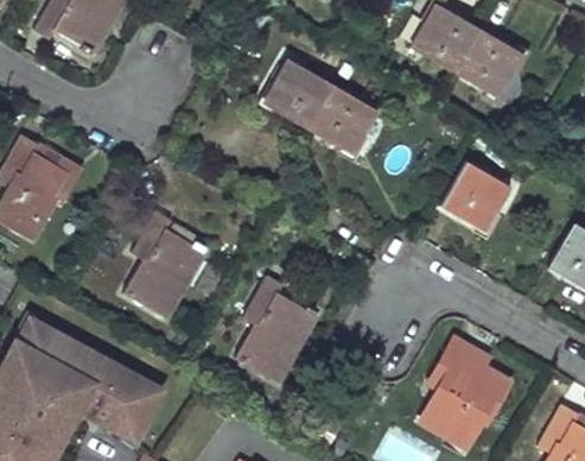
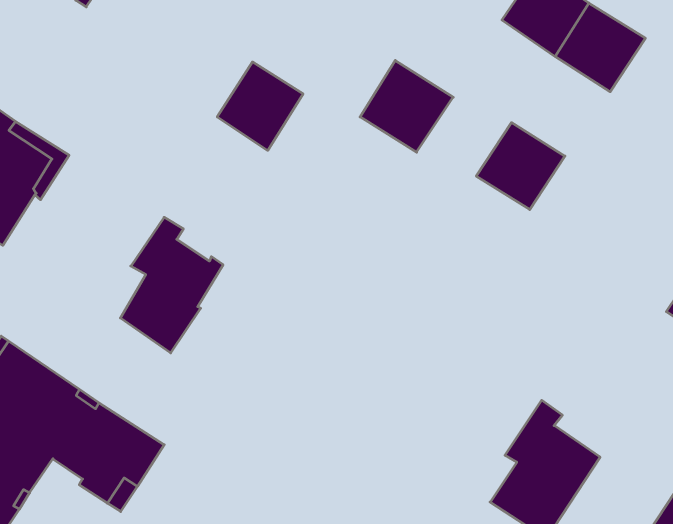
building: [263,61,329,128] -> [217,62,303,150]
building: [440,163,508,229] -> [476,123,565,210]
building: [236,277,316,383] -> none

